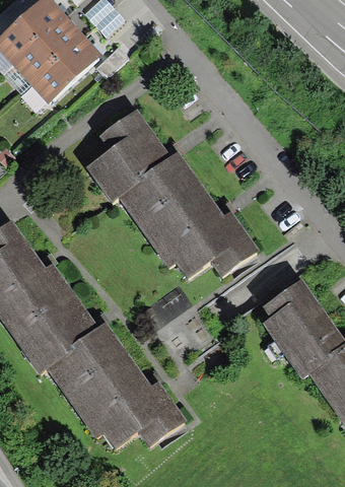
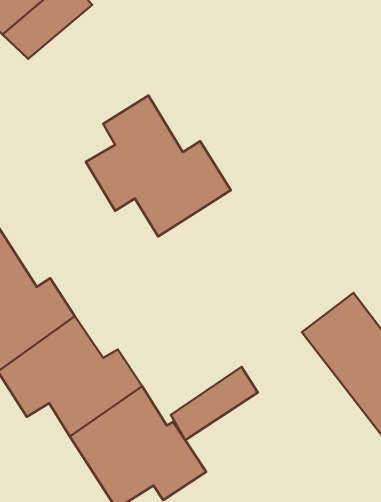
building: [34,37,106,103] -> none
building: [142,190,259,279] -> none
building: none -> [171,367,258,440]

